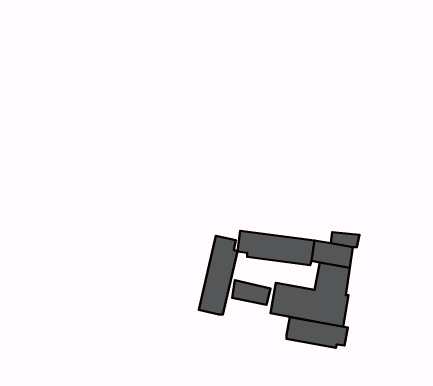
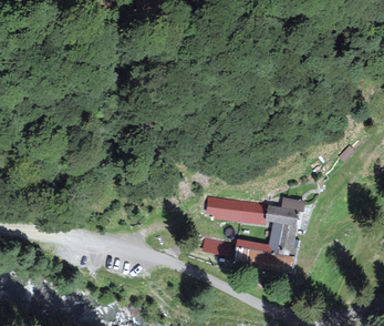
building: [199,236,238,315] -> none
building: [286,317,348,348] -> none

